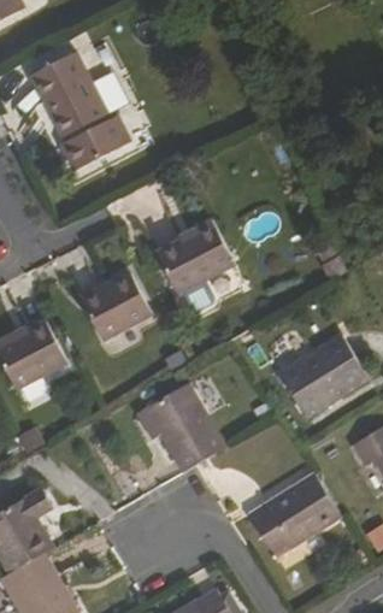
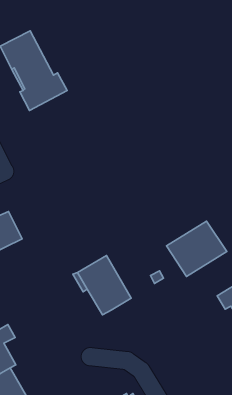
building: [151,218,230,290] -> none
building: [75,272,145,337] -> none
building: [254,475,343,555] -> none

